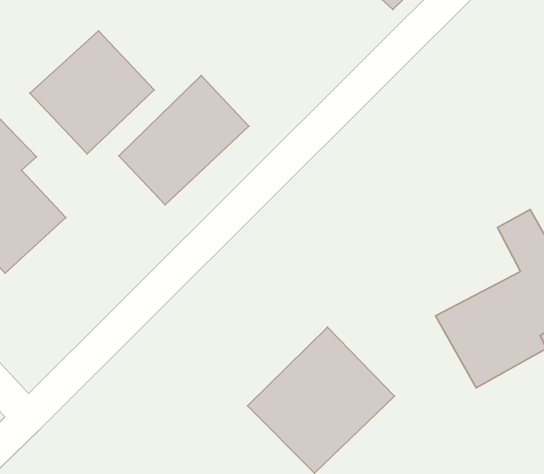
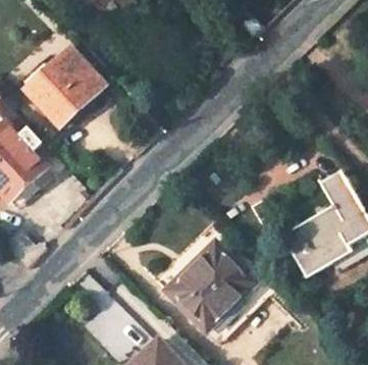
building: [119,75,249,205] -> none

